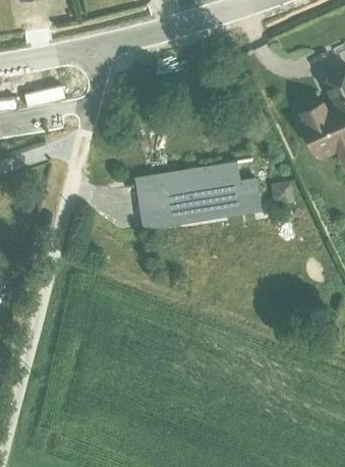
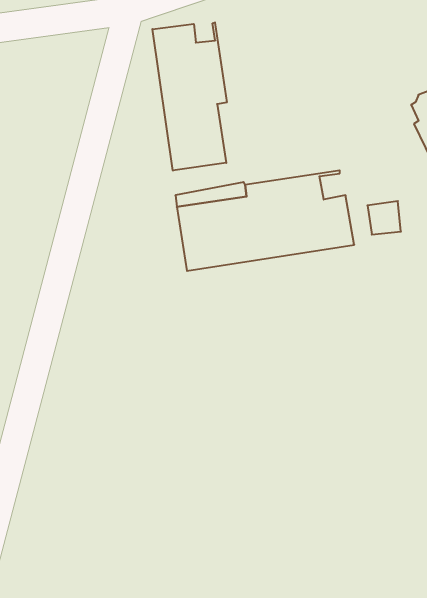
building: none -> [152,22,227,171]

